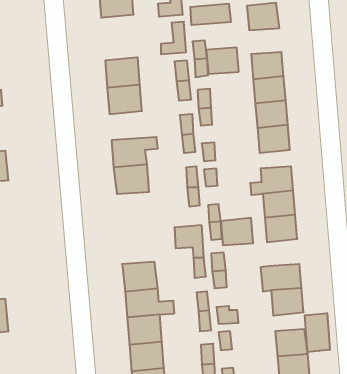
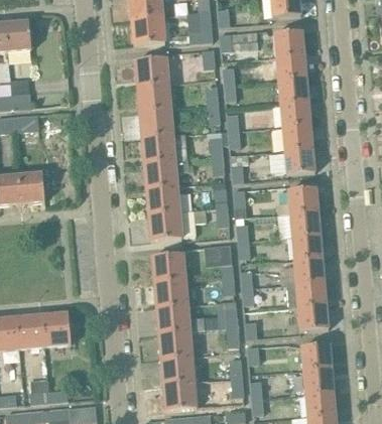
building: none -> [134,57,168,86]
building: [206,48,239,74] -> [275,54,306,80]
building: none -> [141,133,186,162]
building: none -> [148,211,181,240]
building: [221,218,253,245] -> [292,257,324,283]
building: none -> [151,253,184,281]
building: none -> [41,311,71,345]
building: [305,313,330,352] -> none

